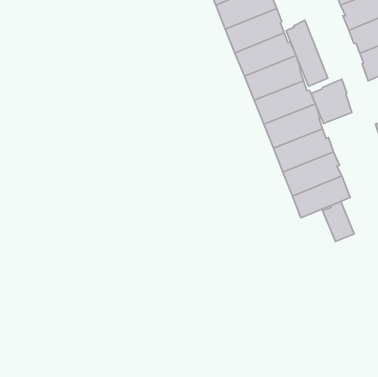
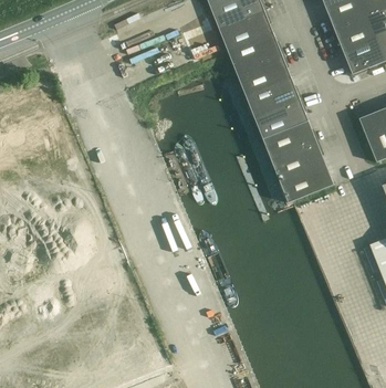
building: [286,20,328,86] -> none
building: [311,79,352,124] -> none
building: [323,202,354,241] -> none

